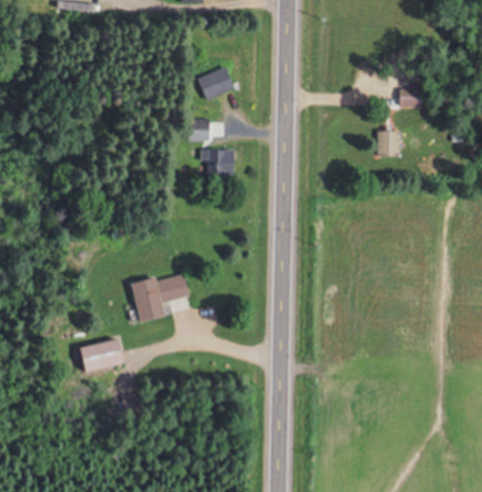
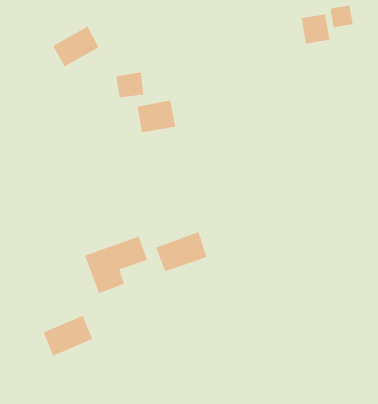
building: [197,65,240,100] -> [52,26,99,67]
building: [378,131,402,156] -> [301,14,330,44]
building: none -> [156,231,207,272]

